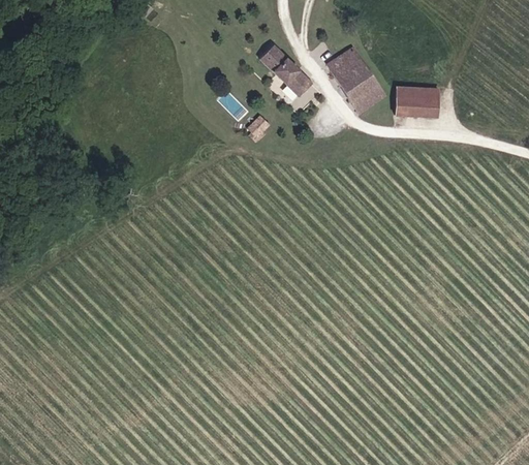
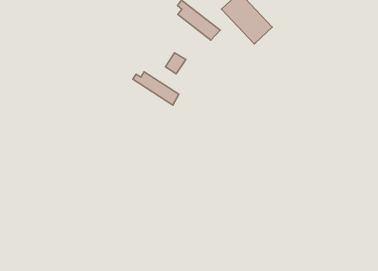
building: [394,85,433,115] -> none
building: none -> [133,72,179,105]

